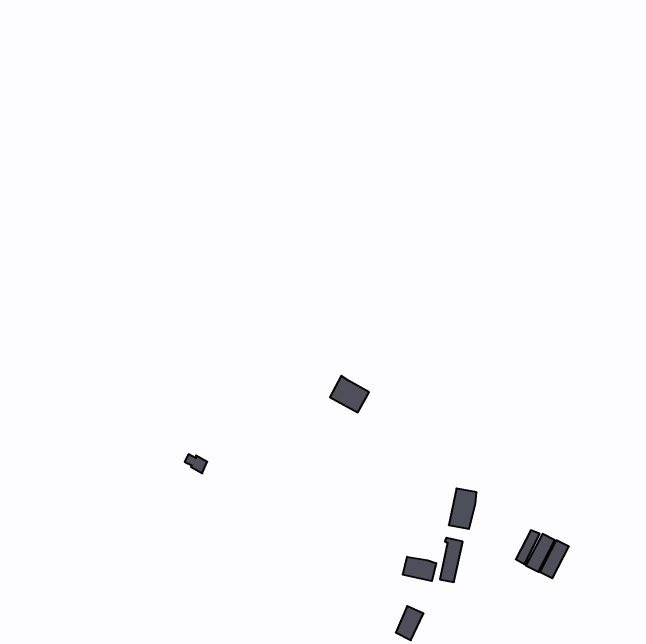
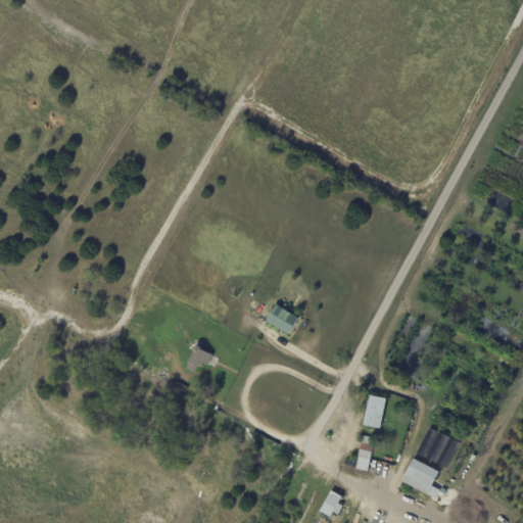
building: none -> [185,344,218,372]
building: [403,557,436,581] -> none
building: none -> [401,458,438,494]

